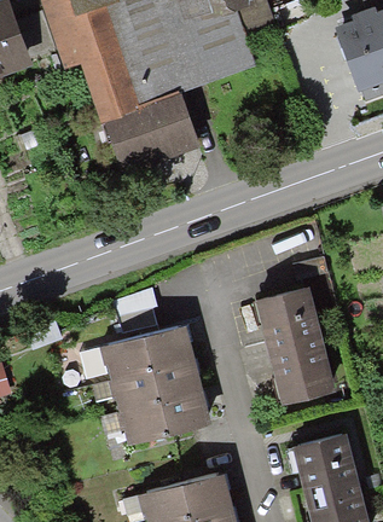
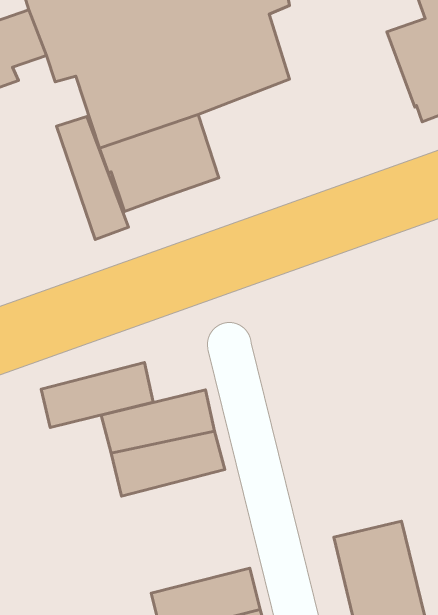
building: none -> [56,116,129,239]
building: [259,282,335,399] -> none
building: [118,388,210,441] -> [41,363,153,427]

